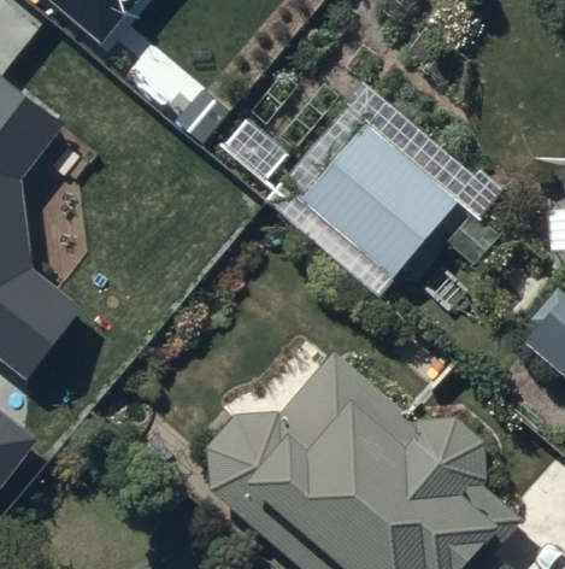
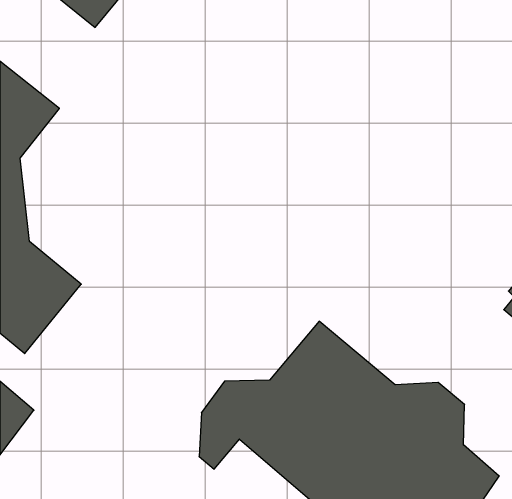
building: [270,105,464,289] -> none

